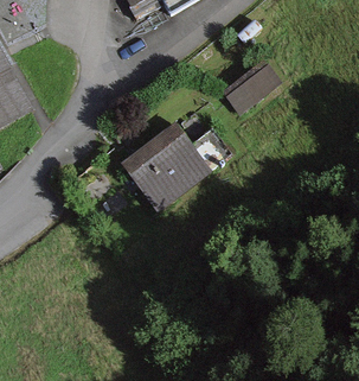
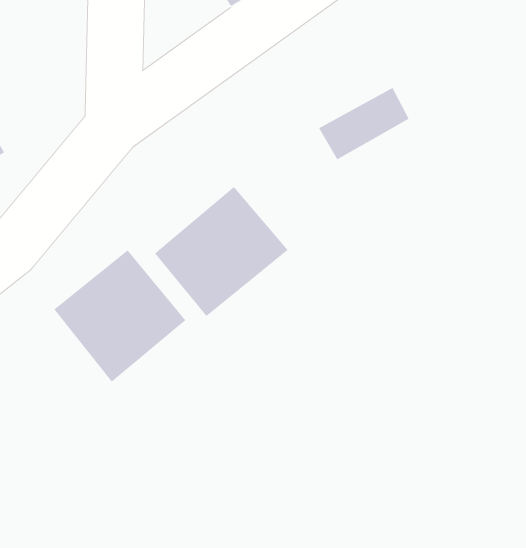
building: none -> [53,249,186,382]

